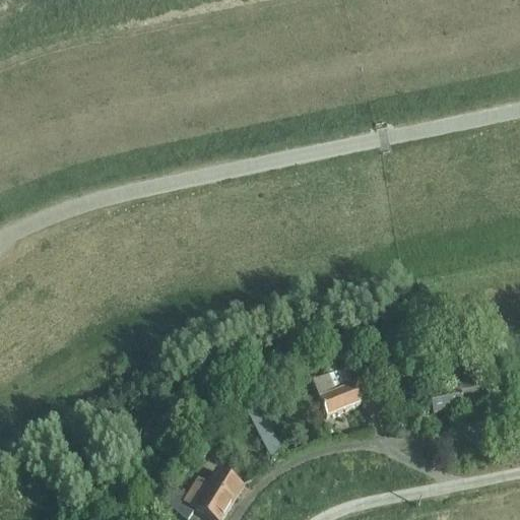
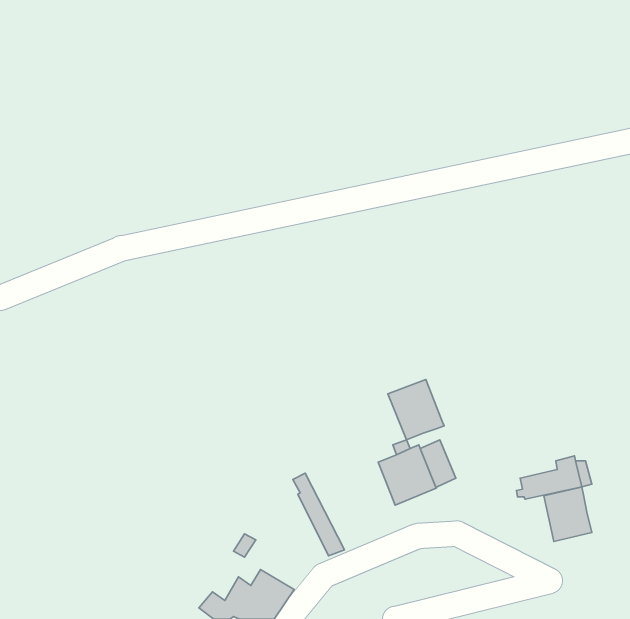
building: none -> [388,380,444,440]
building: none -> [544,487,592,542]

